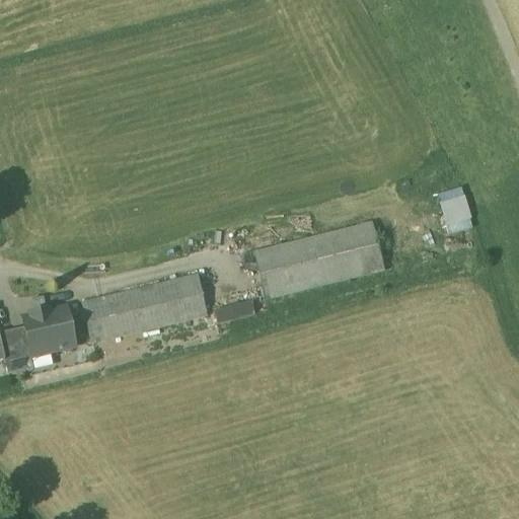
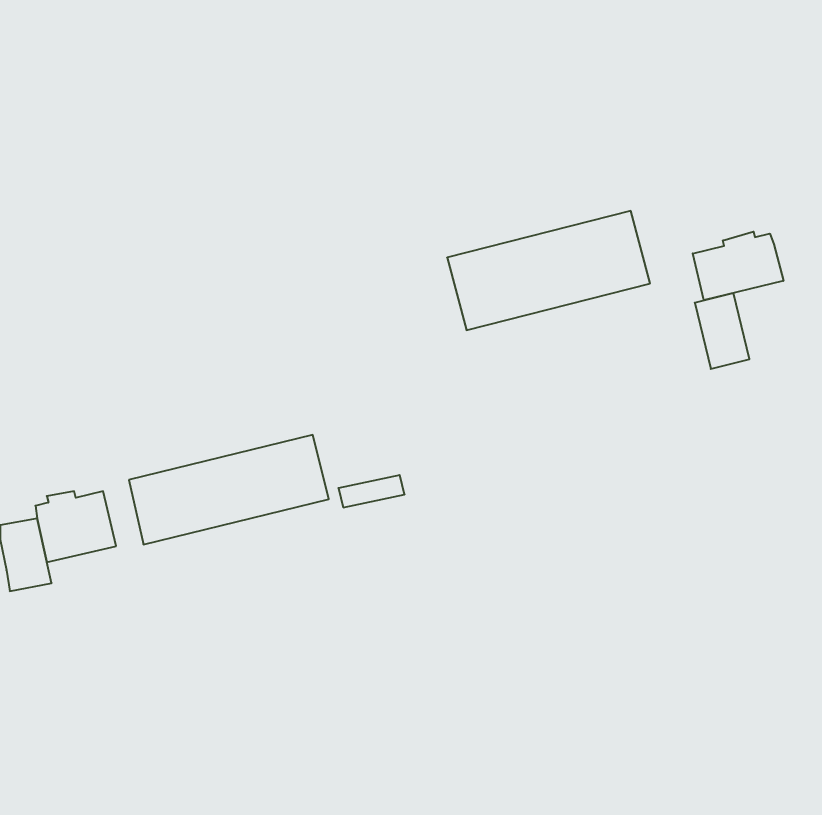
building: none -> [693,232,783,300]
building: [255,223,383,298] -> [447,211,650,330]

